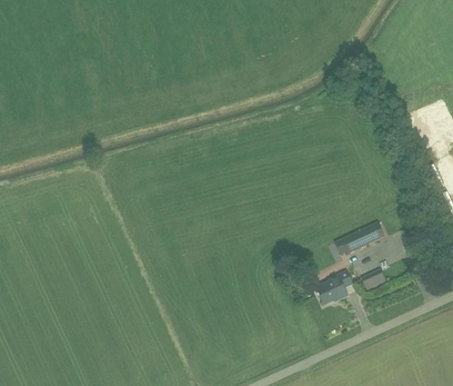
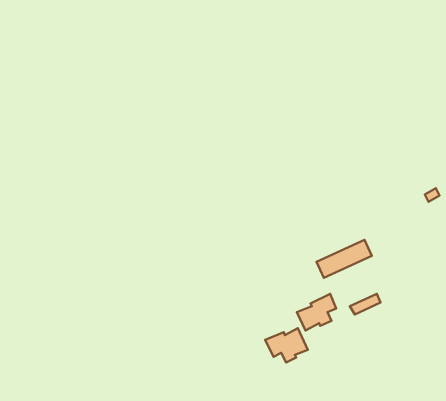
building: none -> [265,328,308,363]

